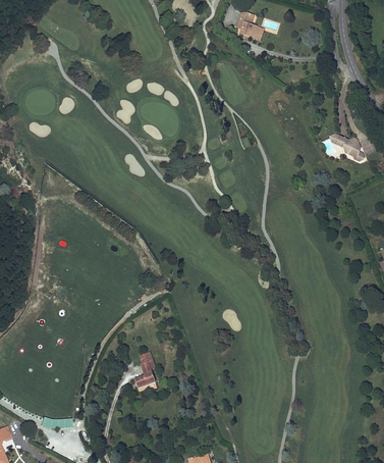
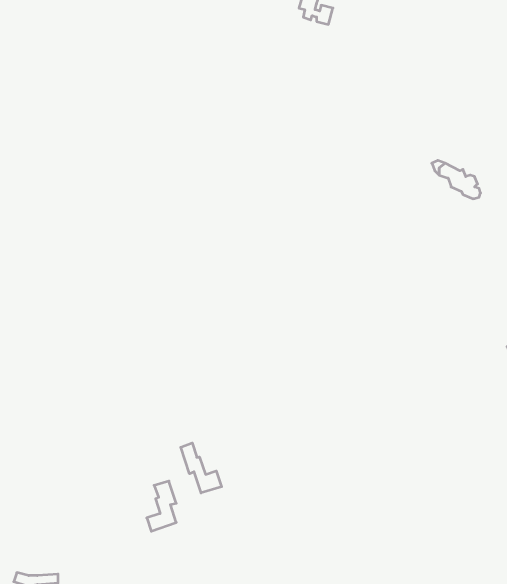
building: none -> [181,443,222,493]

